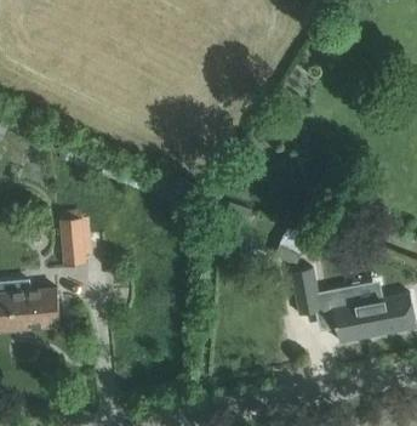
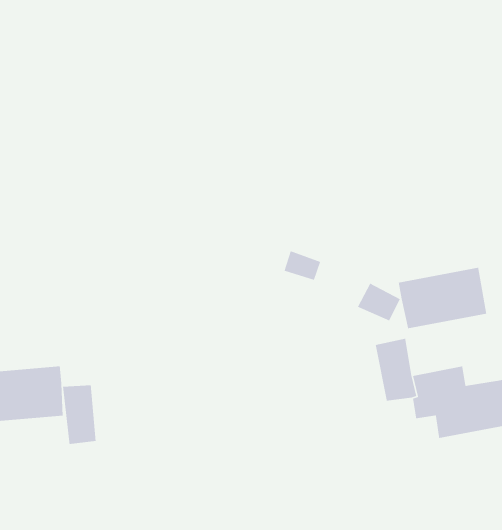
building: none -> [398,267,487,329]
building: [59,218,85,263] -> [62,385,96,445]

